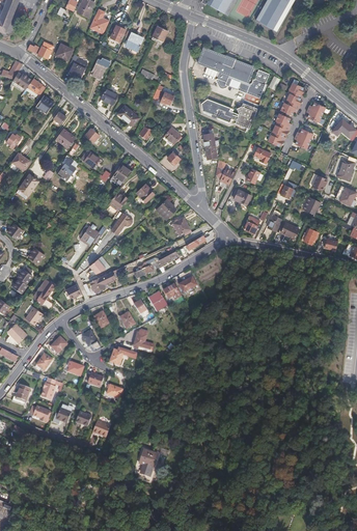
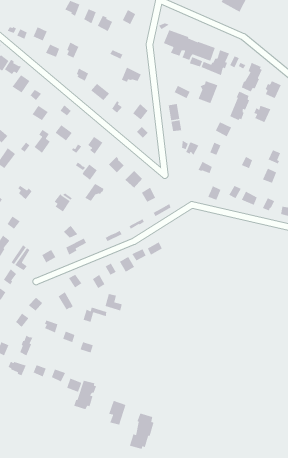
building: none -> [73,380,97,410]
building: none -> [129,412,155,450]

